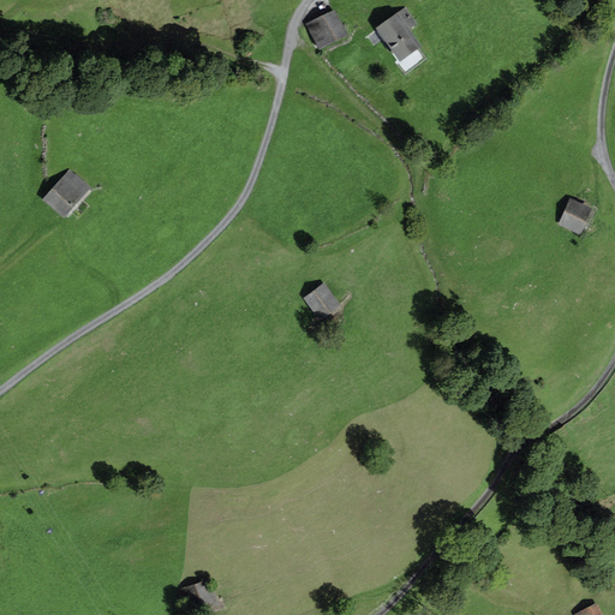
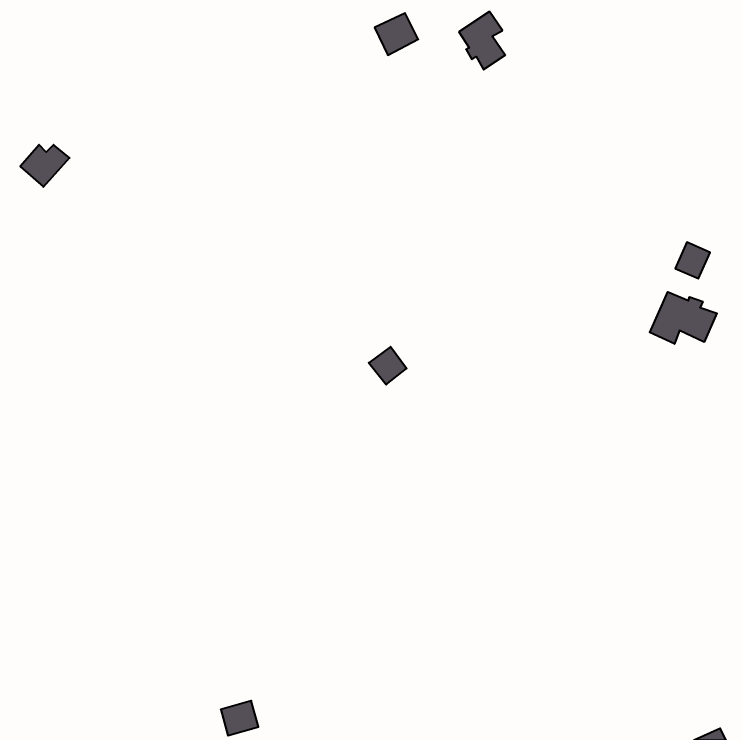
building: [44,179,85,214] -> [20,145,70,187]
building: none -> [650,292,717,344]

